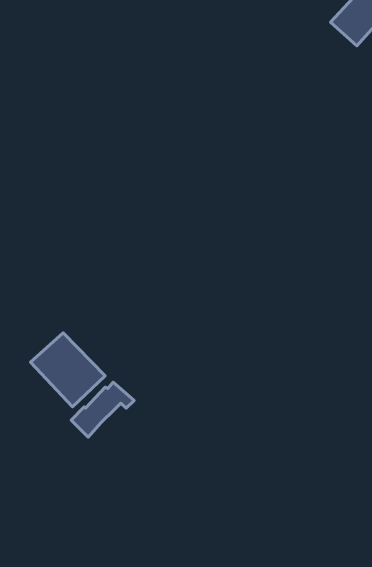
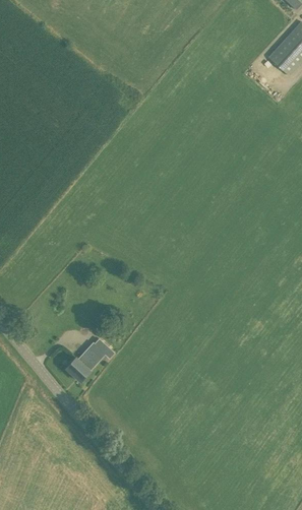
building: [30,333,105,407] -> none

